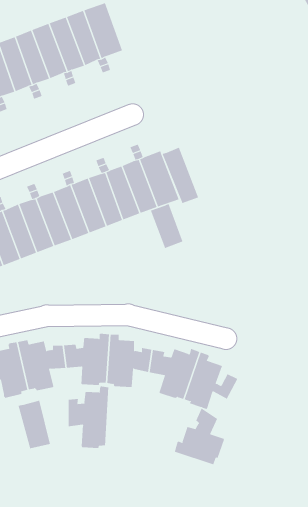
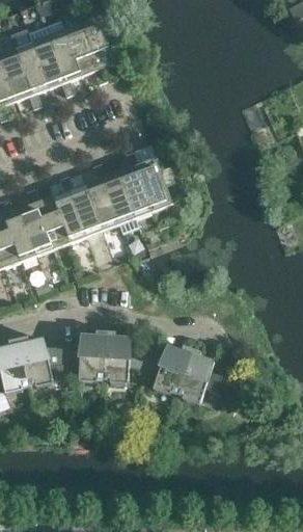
building: [162,147,199,204] -> none
building: [150,203,183,249] -> none
building: [68,385,109,449] -> none
building: [18,400,51,449] -> none
building: [174,408,225,465] -> none

